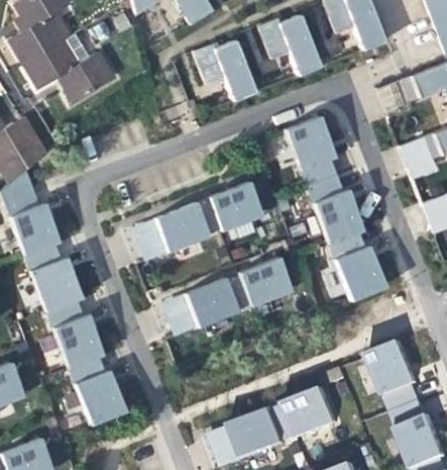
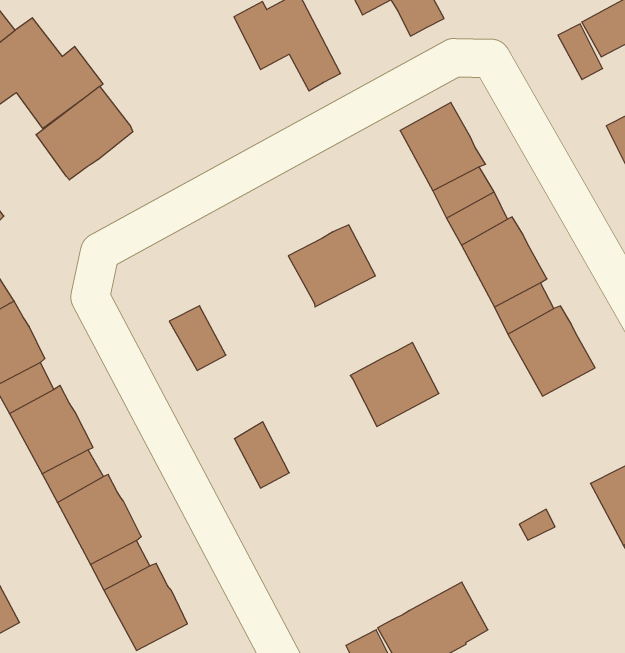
building: none -> [36,86,133,180]
building: [155,197,222,251] -> none
building: [185,275,250,326] -> none
building: [290,389,340,437] -> none

